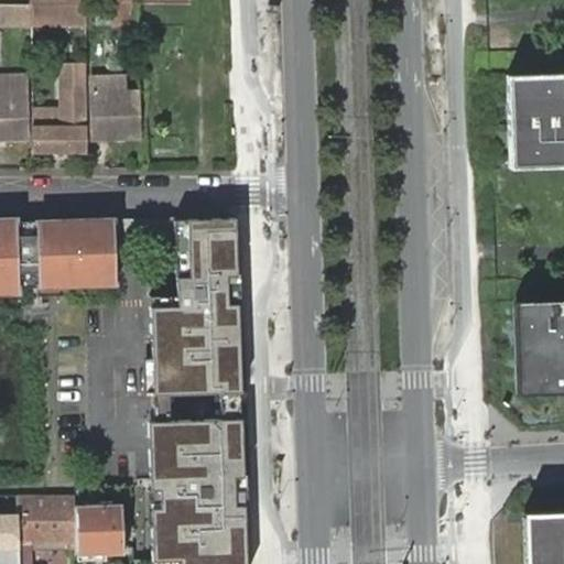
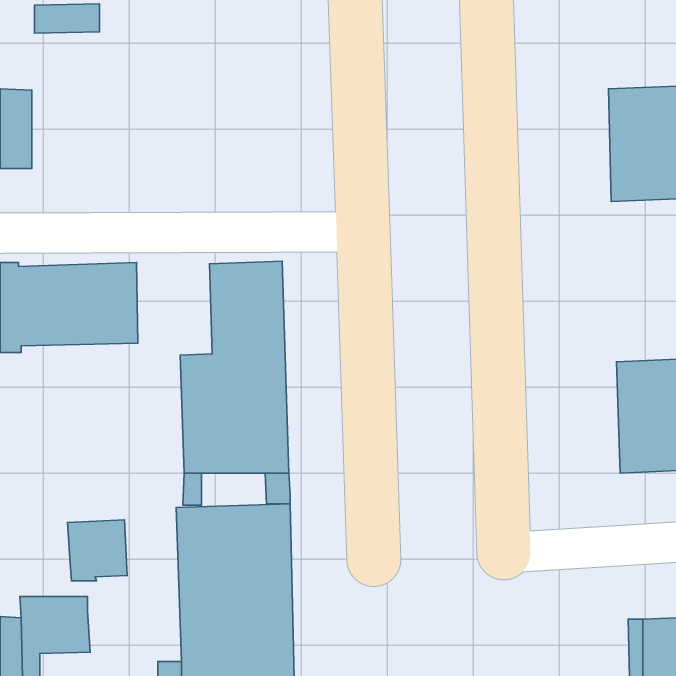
building: [32,66,87,152] -> none
building: [94,94,142,140] -> none
building: [74,507,123,557] -> [67,520,127,581]

